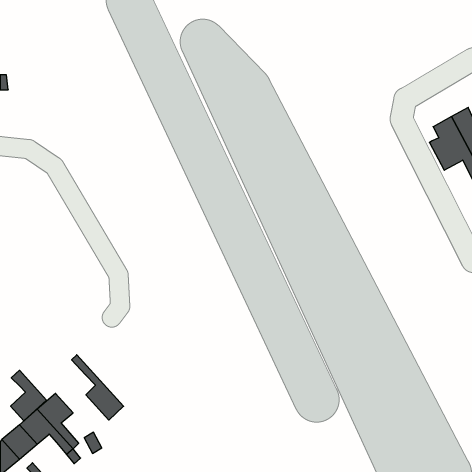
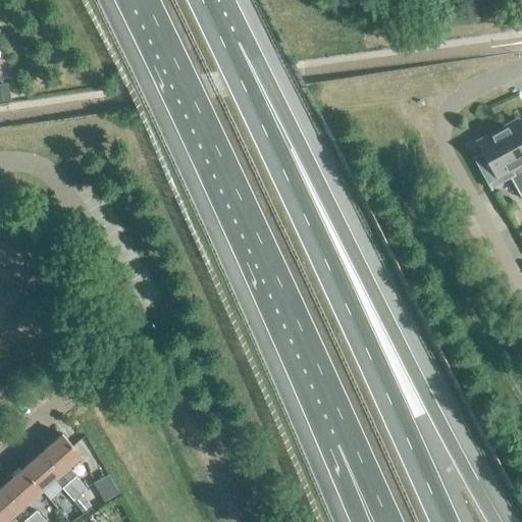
building: [72,355,124,420] -> none
building: [11,370,46,421] -> none

